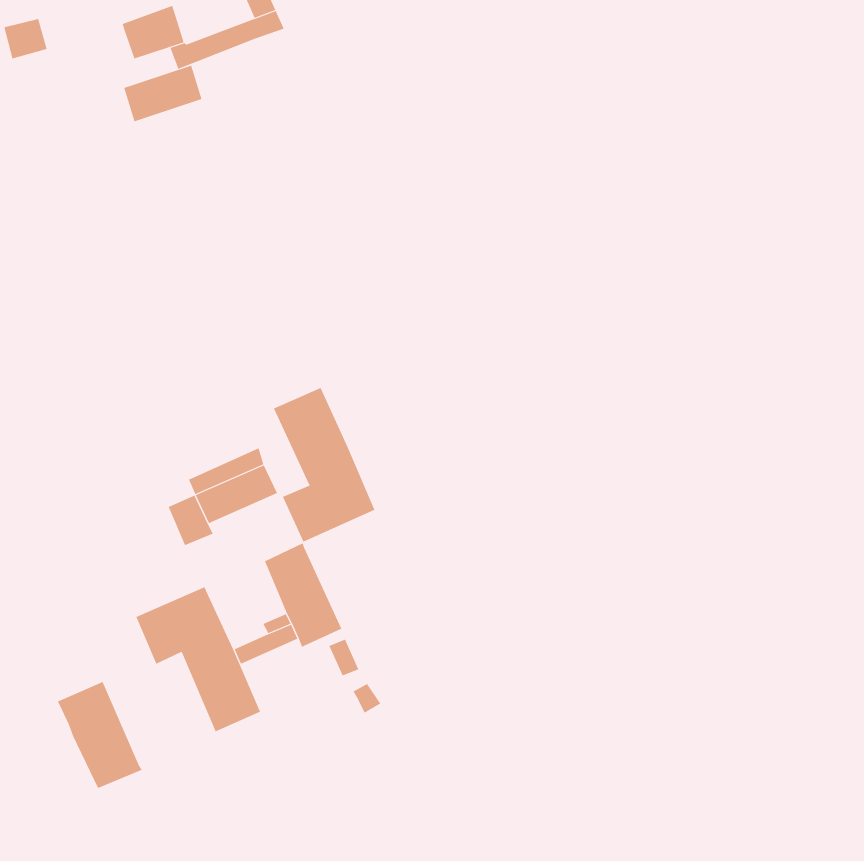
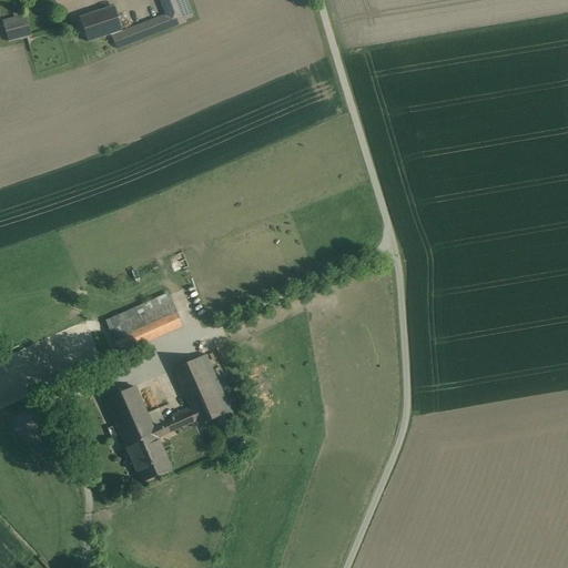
building: [123,65,202,122] -> none
building: [273,387,375,542] -> none
building: [57,681,142,789] -> none

